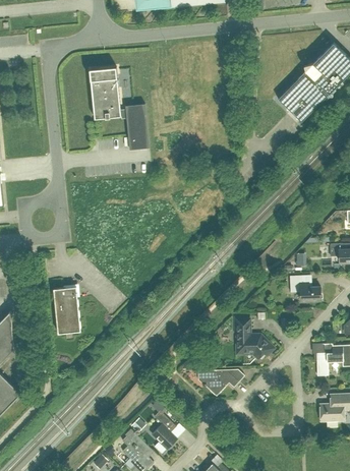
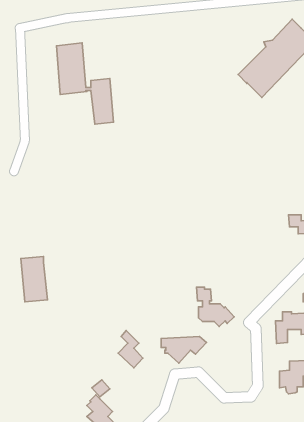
building: [289,275,320,301] -> none
building: [151,410,176,449] -> [118,330,143,368]

